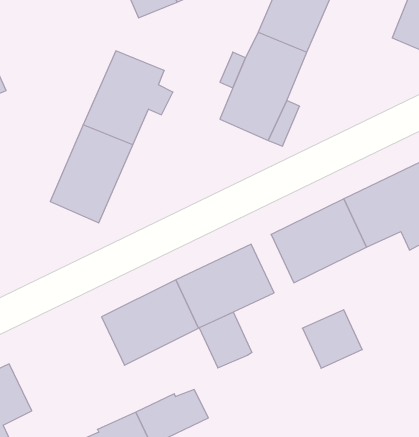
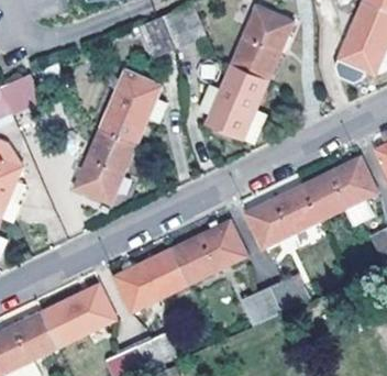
building: [199,312,252,368] -> [242,285,283,328]
building: none -> [42,284,117,349]

